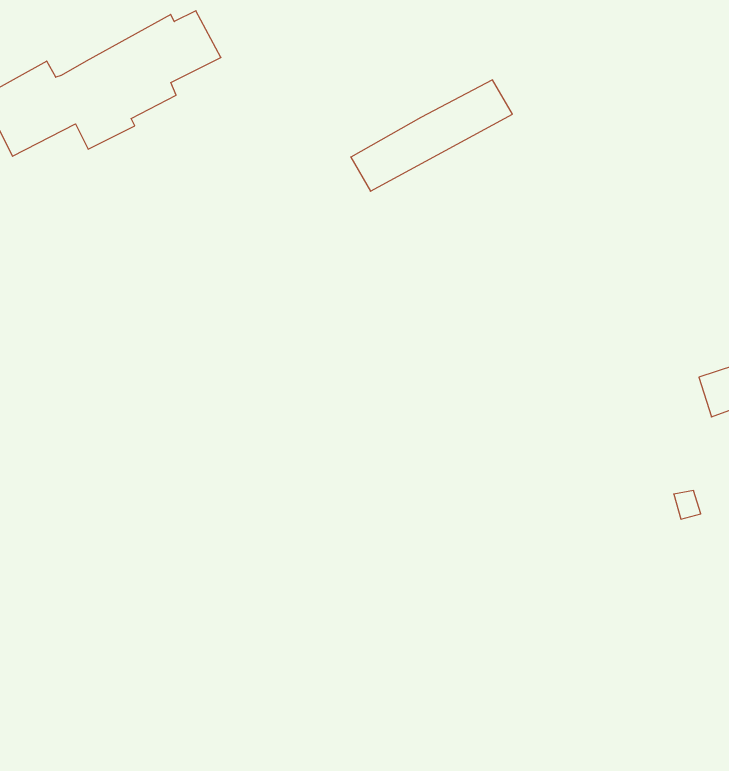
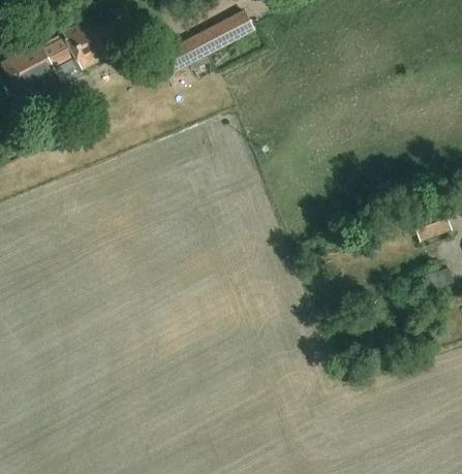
building: [351,80,512,191] -> [155,11,248,75]

